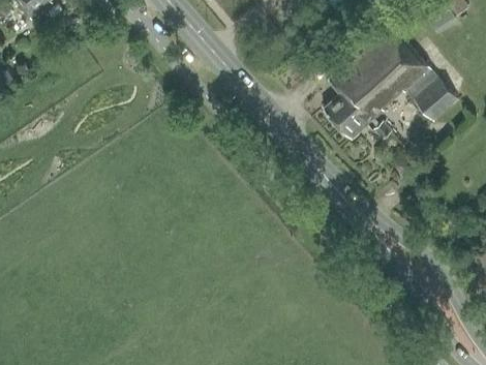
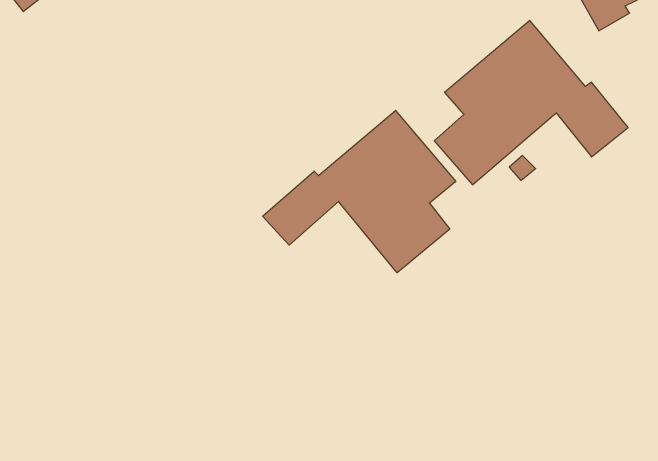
building: none -> [263,110,456,273]

